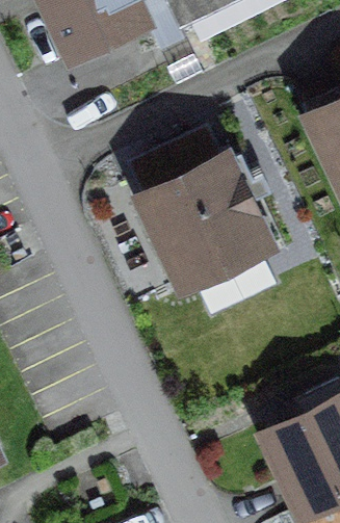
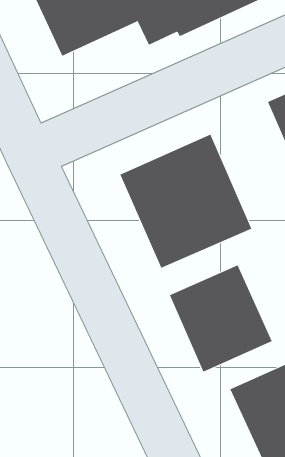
building: none -> [169,264,272,373]

